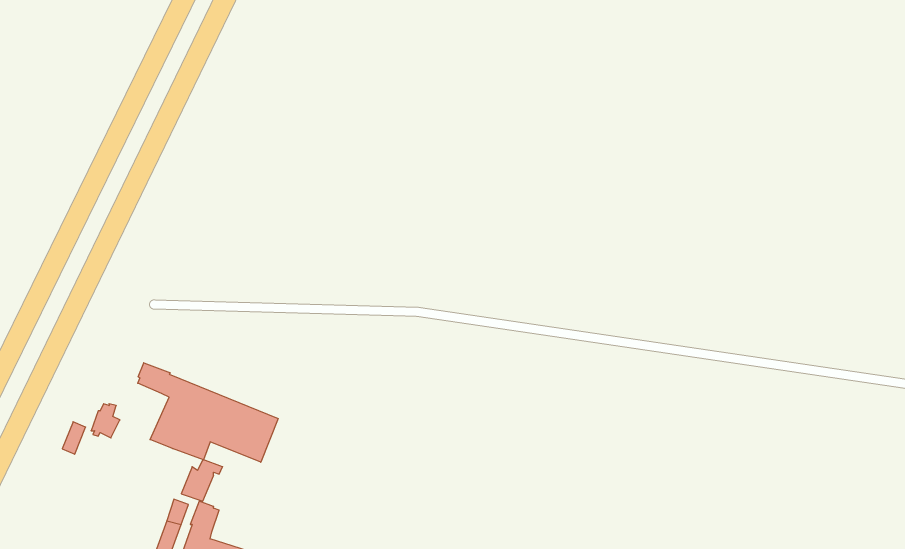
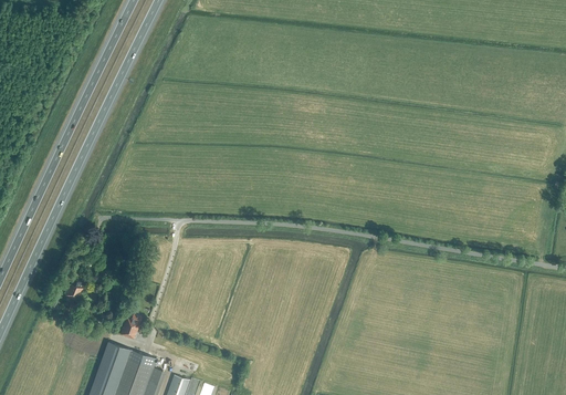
building: [138,363,278,462] -> none

